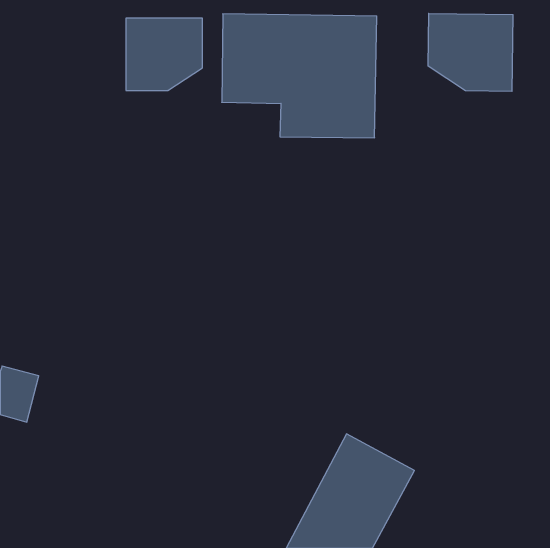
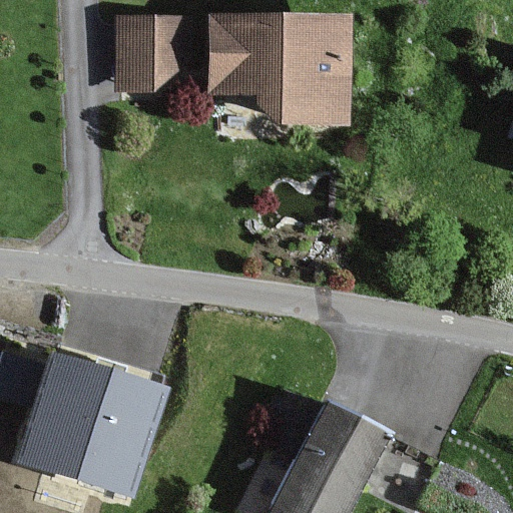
building: [428,13,513,91] -> none
building: none -> [20,354,167,496]

